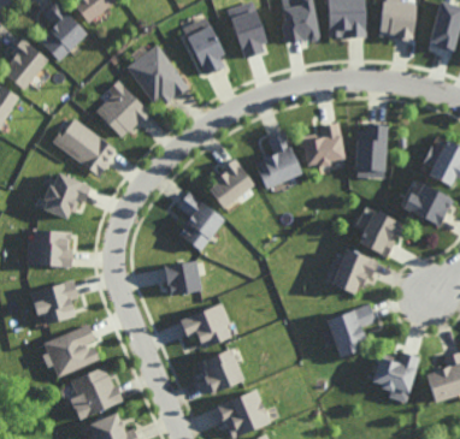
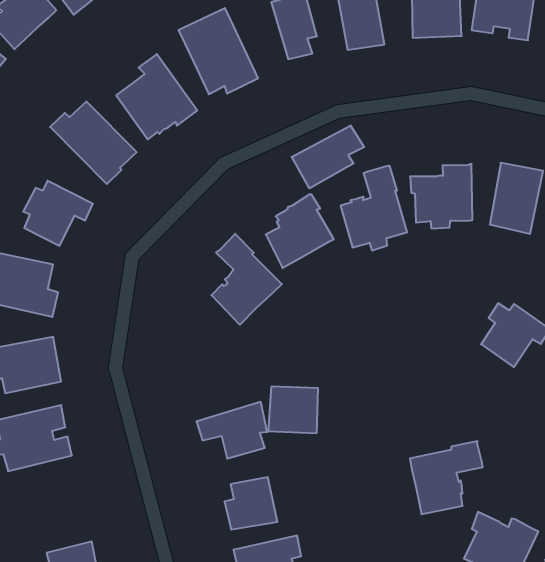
building: none -> [292,125,364,188]
building: [331,251,377,298] -> none
building: [166,262,201,296] -> [268,387,318,433]
building: [70,367,123,417] -> none

